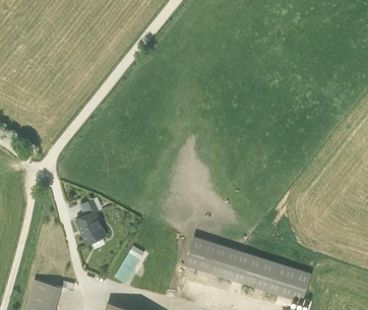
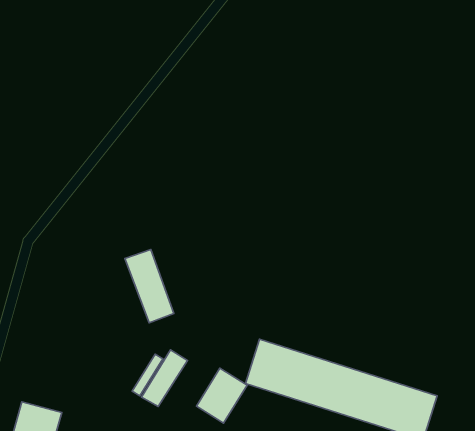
building: [71,197,104,246] -> [125,249,174,323]
building: none -> [197,368,247,423]

